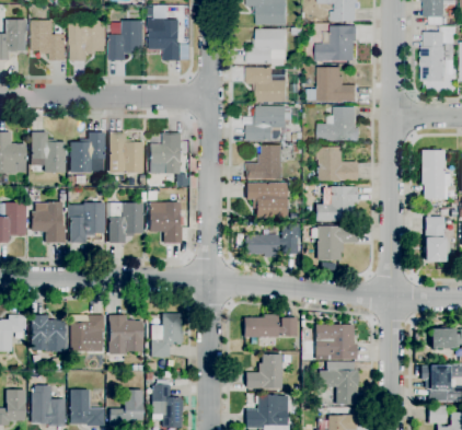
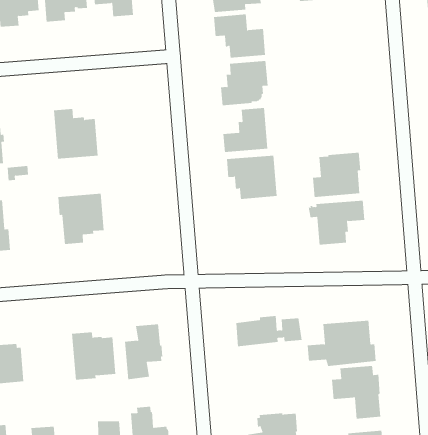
building: [308,67,357,101] -> none
building: [319,106,357,141] -> none
building: [70,132,105,173] -> none
building: [150,132,183,174] -> none
building: [317,147,357,181] -> none
building: [150,202,182,244] -> none
building: [68,204,105,244] -> none
building: [244,235,298,257] -> none
building: [70,315,105,352] -> none
building: [246,355,282,388] -> none

